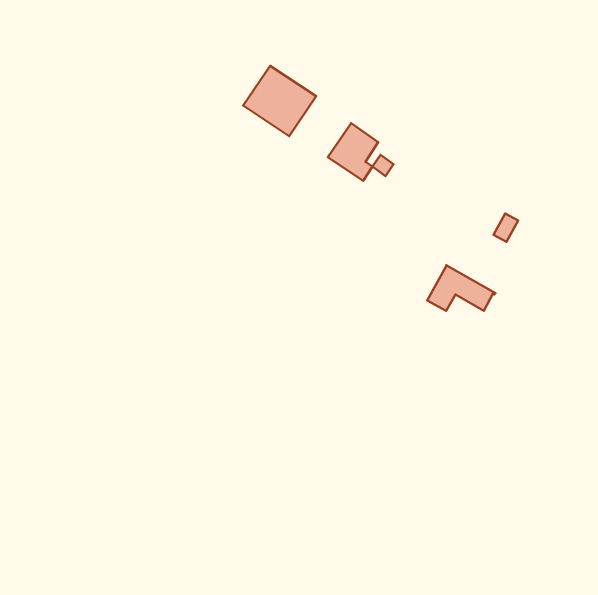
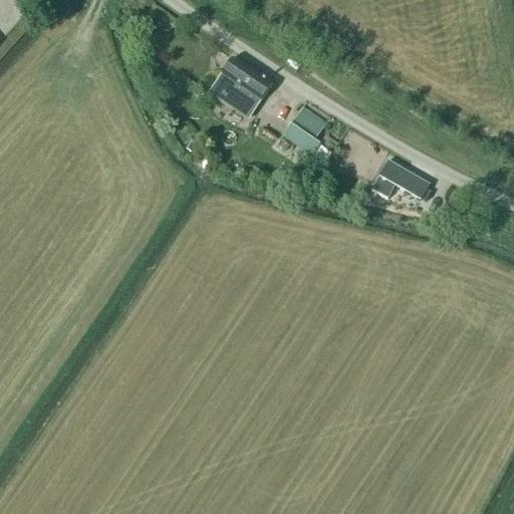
building: [427,265,495,311] -> [372,160,431,199]

